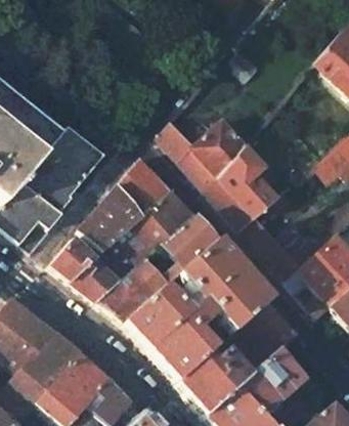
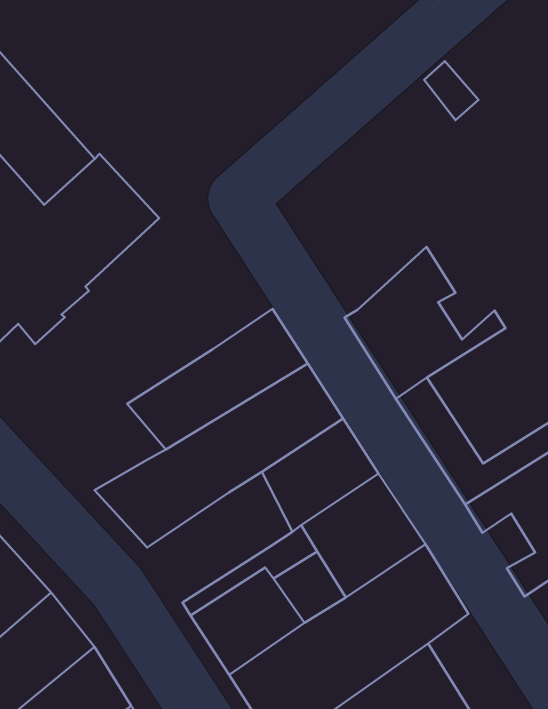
building: [160,121,246,190] -> none
building: [80,158,171,253] -> none
building: [50,238,118,299] -> none
building: [125,290,188,350] -> none

